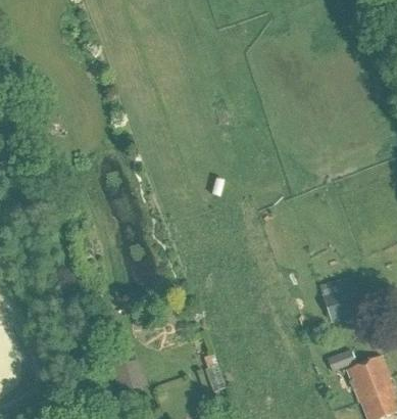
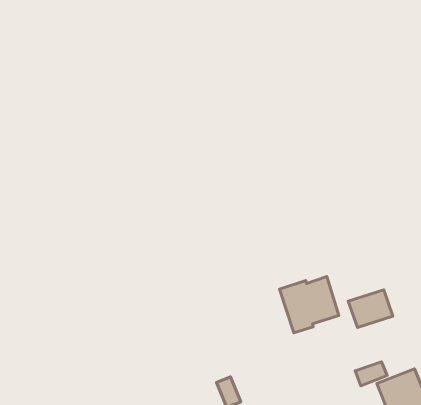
building: none -> [279,277,339,333]

